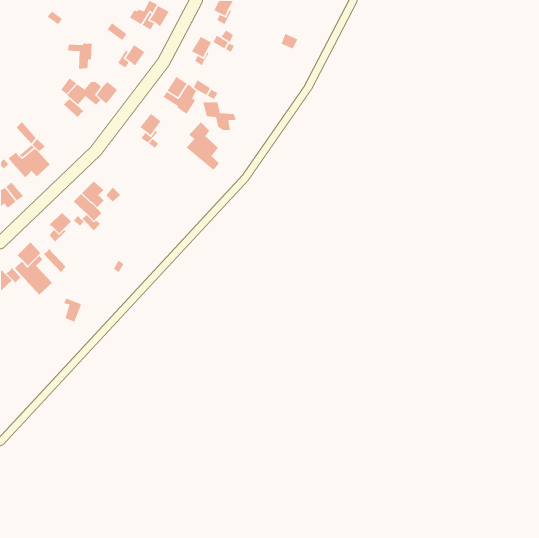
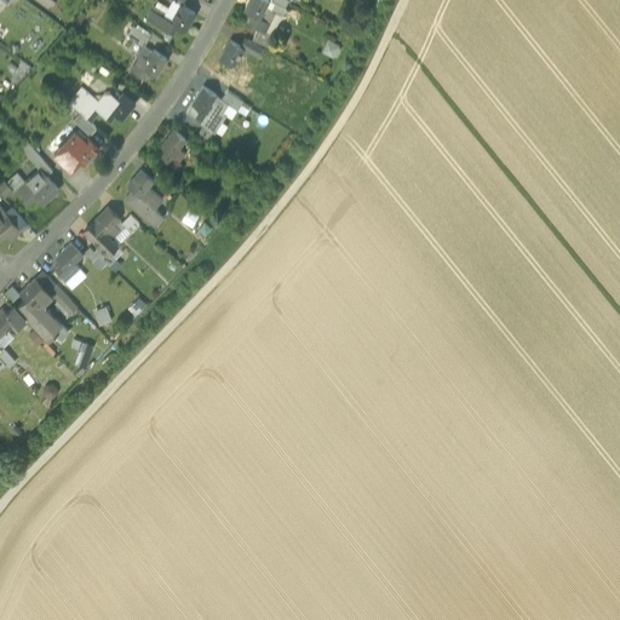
building: [68,43,92,70] -> none
building: [202,102,237,131] -> none
building: none -> [53,133,98,171]
building: [186,121,220,171] -> [125,171,163,228]

